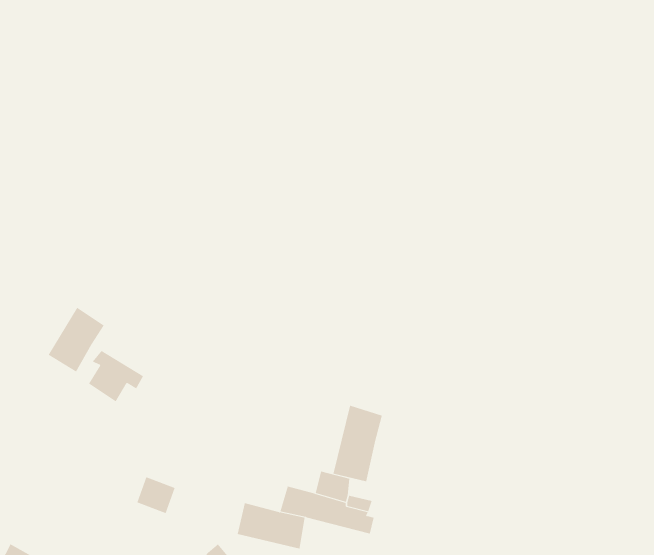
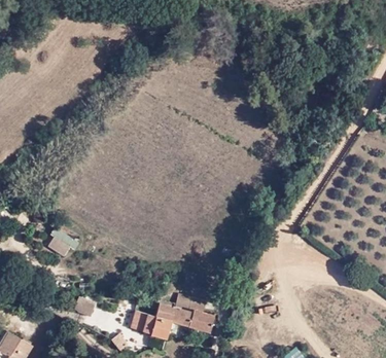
building: [48,307,104,372] -> none
building: [333,405,383,482] -> none

